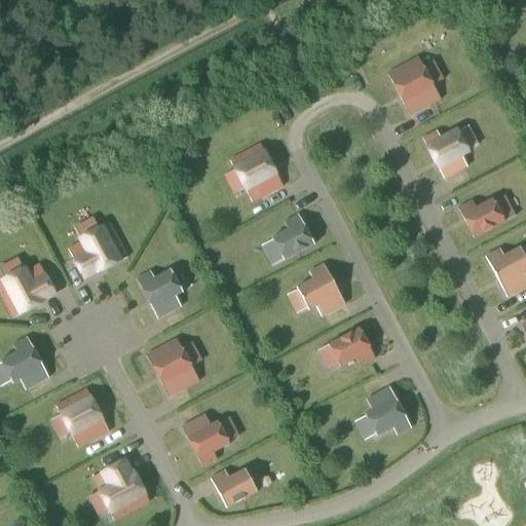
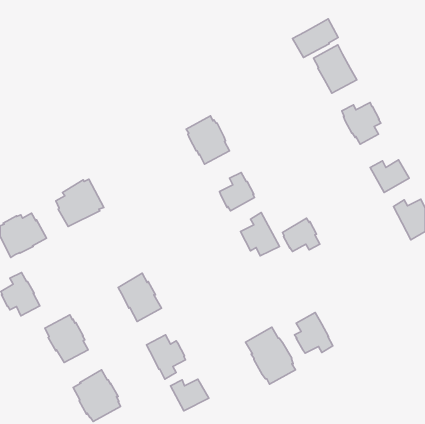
building: none -> [293,19,338,57]
building: [136,268,183,318] -> none
building: [329,326,375,367] -> [283,218,320,252]
building: none -> [245,327,295,384]

